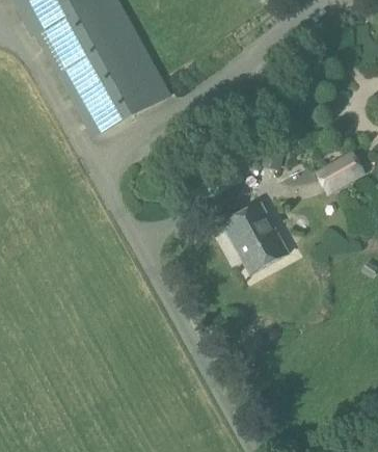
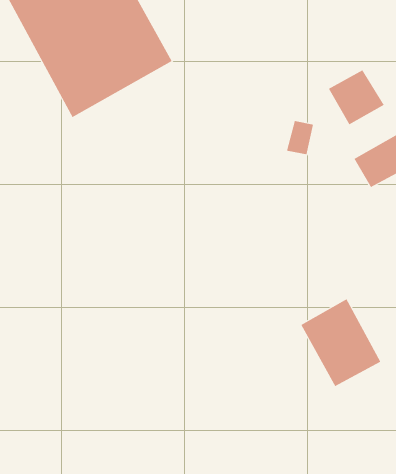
building: none -> [328,69,384,125]
building: [224,202,288,271] -> [301,298,381,387]

